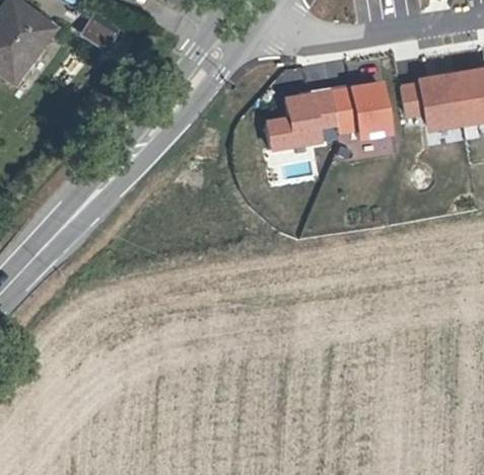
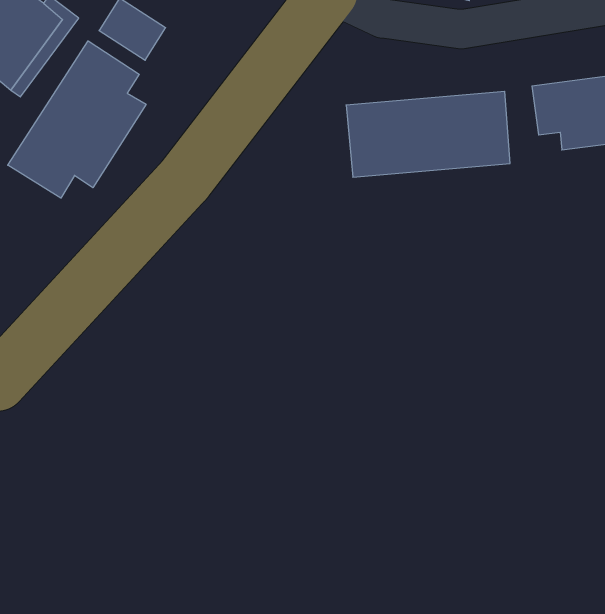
building: none -> [8,41,146,198]

